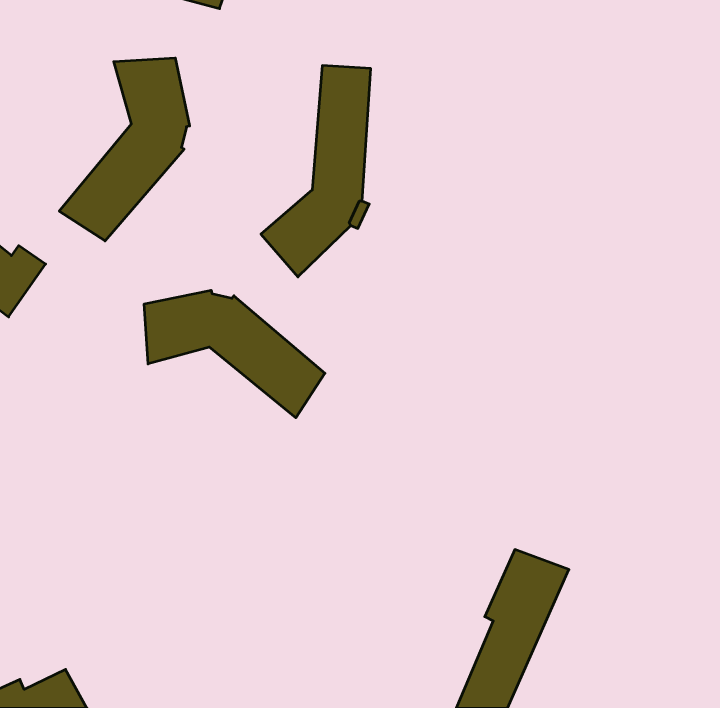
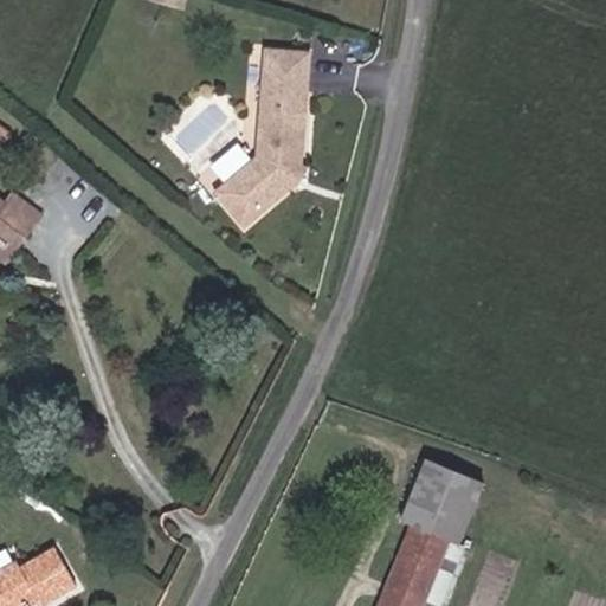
building: [59,58,190,241] -> none
building: [144,290,325,418] -> none

